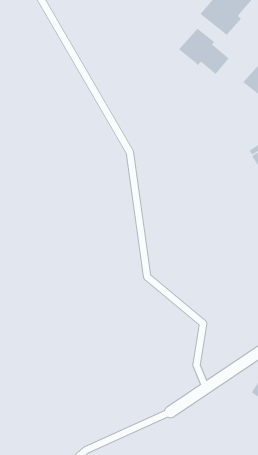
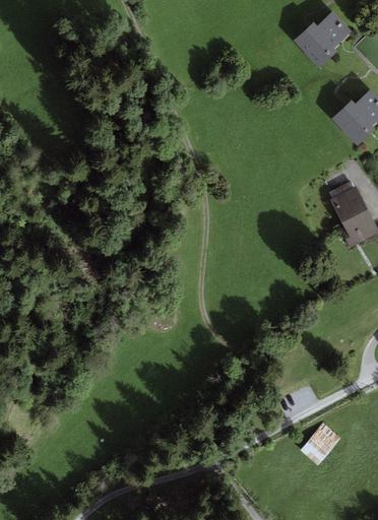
building: [178,28,230,75] -> none

